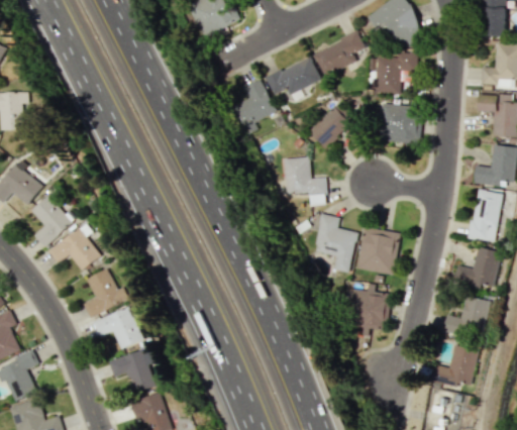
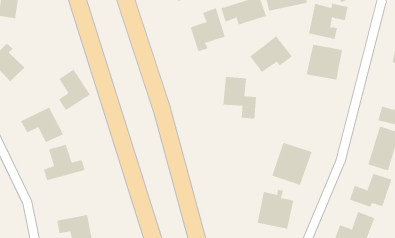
building: [31,195,73,246] -> [58,69,91,111]
building: [313,213,357,273] -> none
building: [93,307,141,348] -> none

